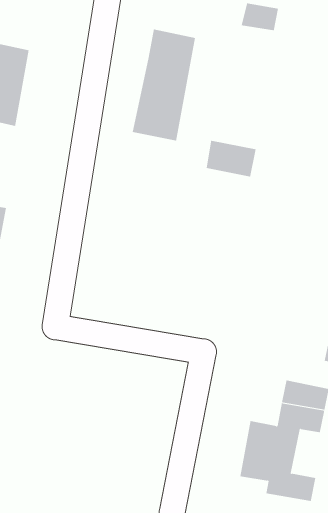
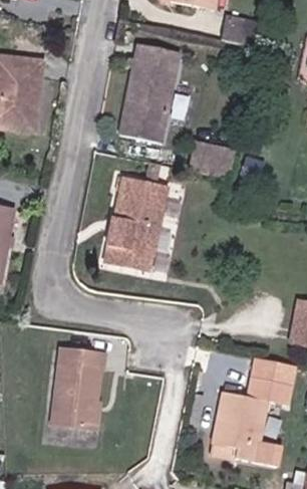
building: none -> [107,173,168,271]
building: none -> [59,349,109,431]

